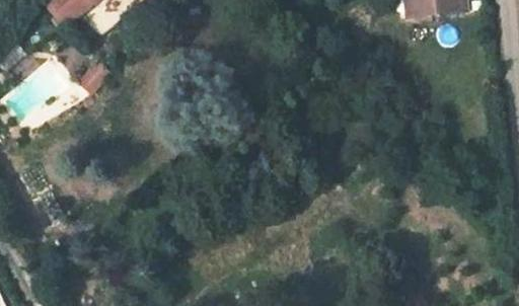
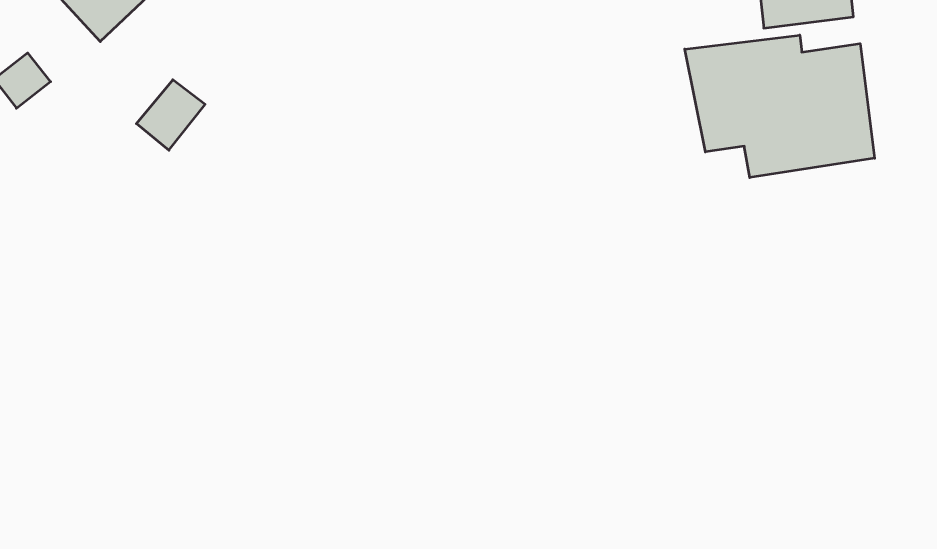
building: none -> [685,35,875,178]

